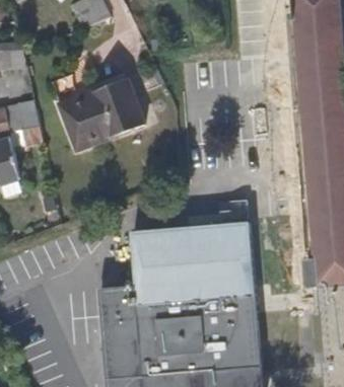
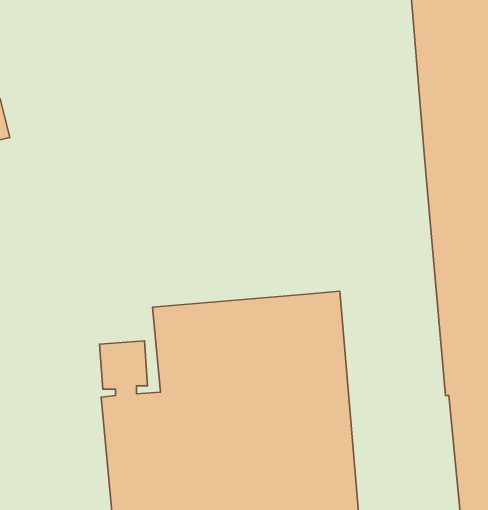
building: [57,77,145,151] -> none

